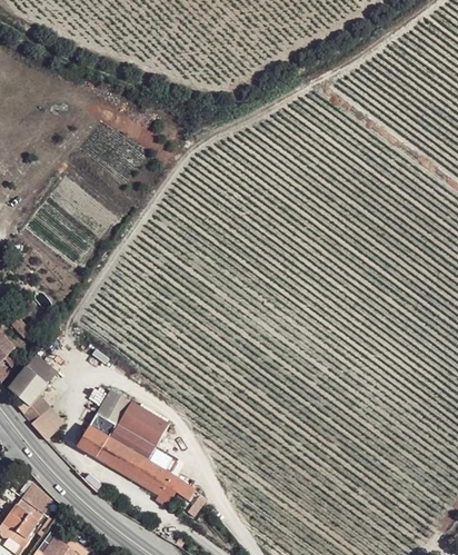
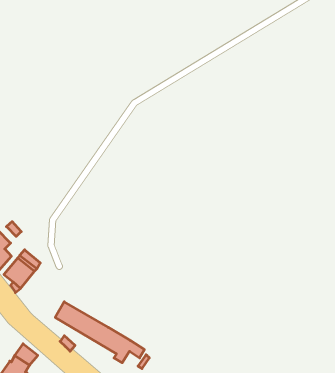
building: [88,389,168,459] -> none
building: [31,407,64,439] -> none

